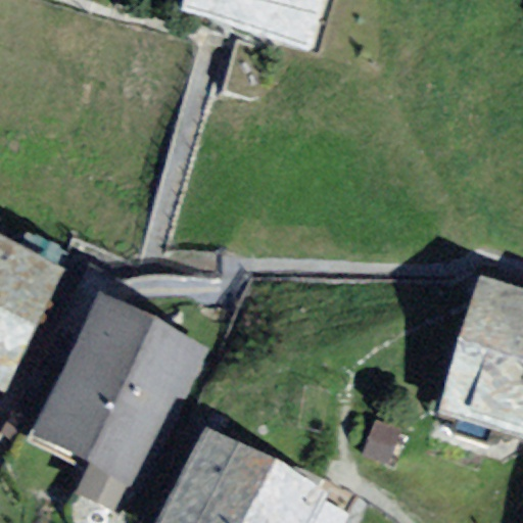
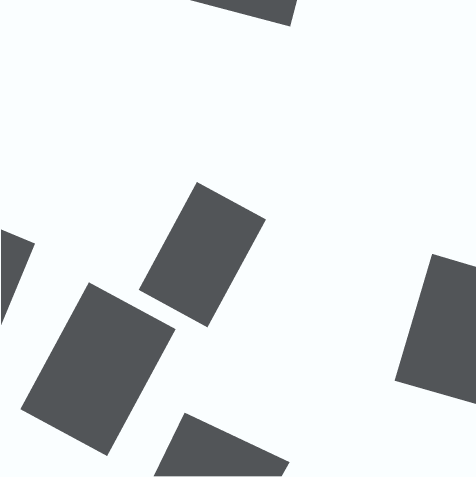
building: none -> [137,181,267,329]

